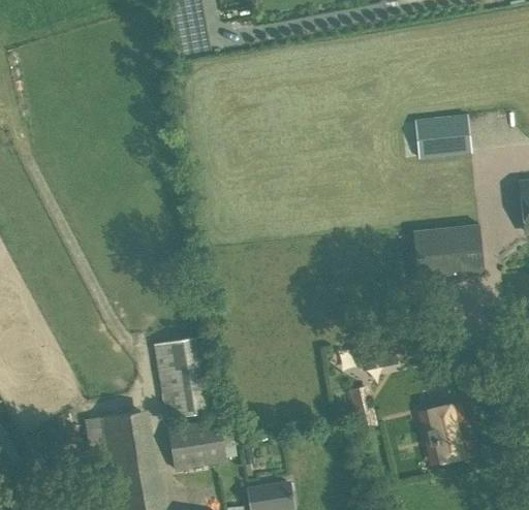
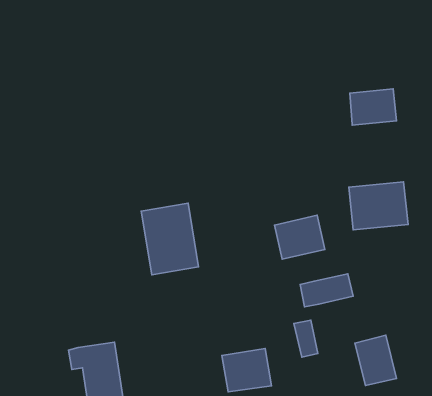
building: none -> [274,215,325,259]
building: [154,334,221,418] -> [141,203,199,275]
building: [167,418,225,469] -> [222,349,271,392]

